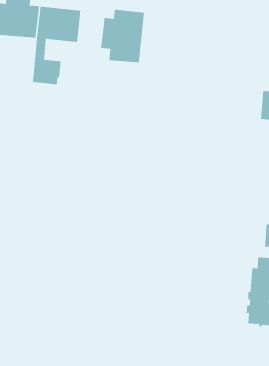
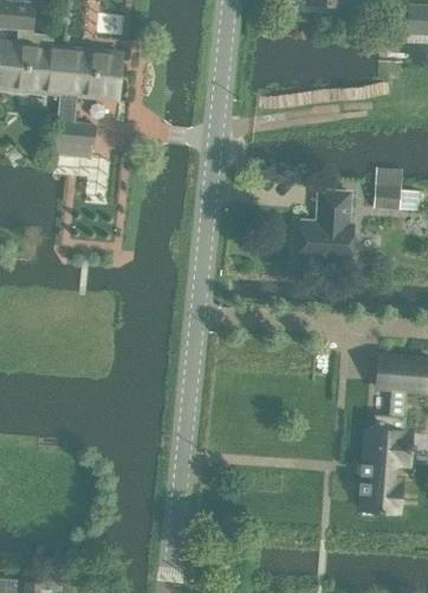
building: [100,9,145,63] -> none
building: none -> [301,192,354,264]

